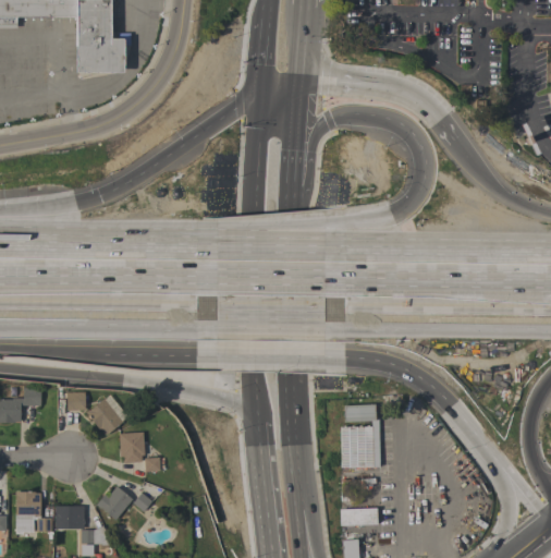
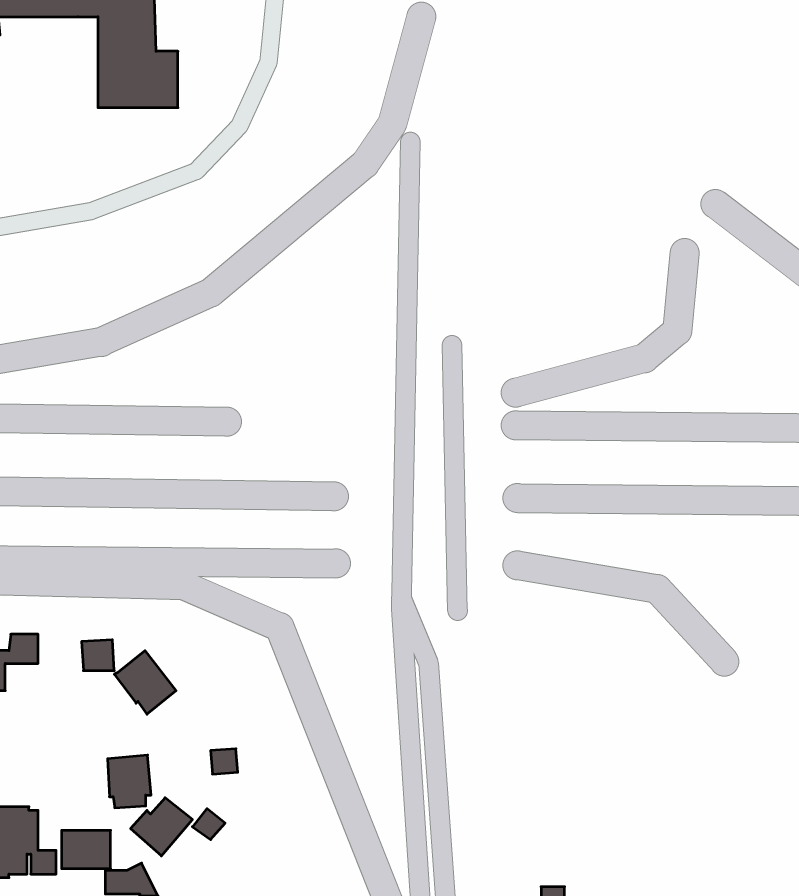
building: [340,404,379,468] -> none
building: [120,432,146,463] -> [108,755,151,808]
building: [339,508,377,525] -> none

